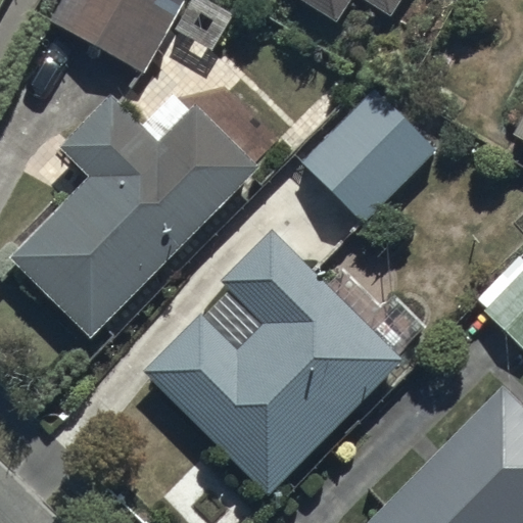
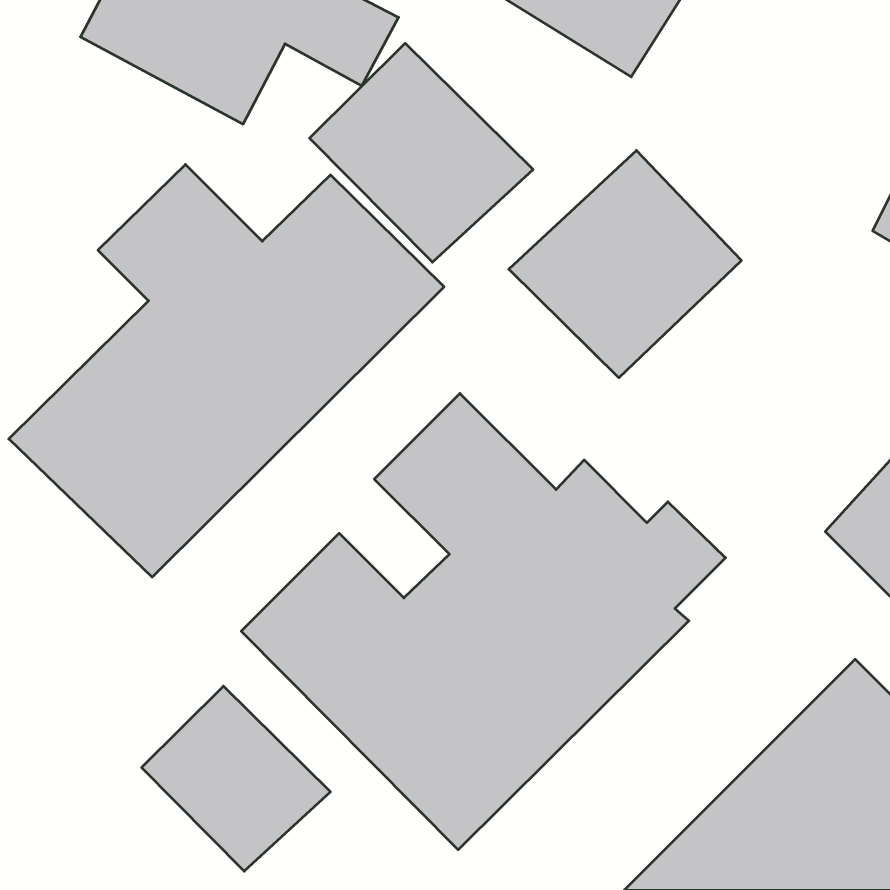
building: none -> [310,43,533,262]
building: none -> [142,686,330,871]

